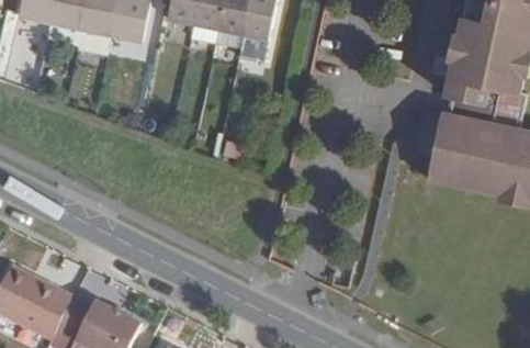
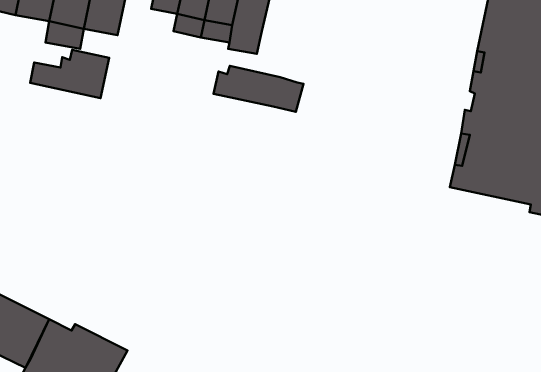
building: none -> [30,50,109,98]
building: none -> [214,66,303,112]

